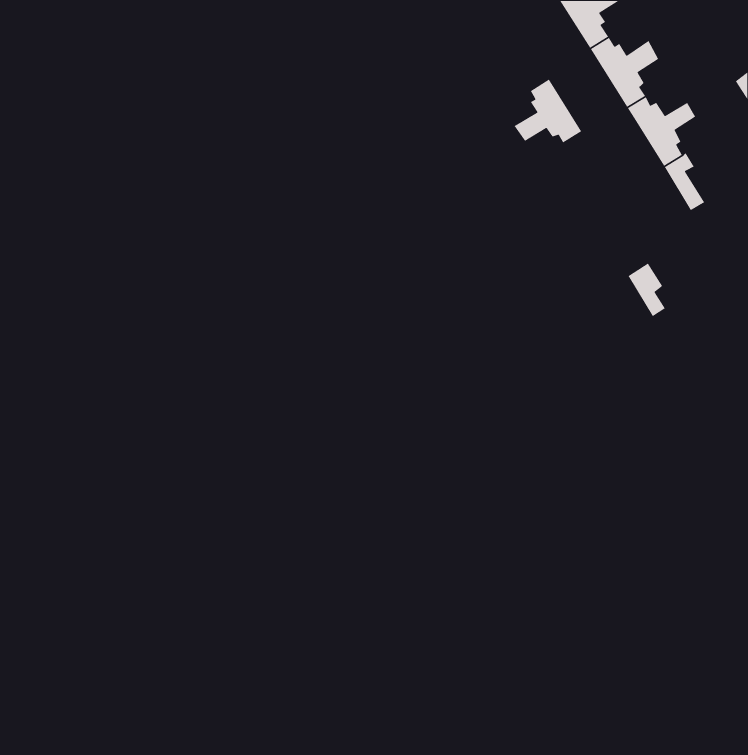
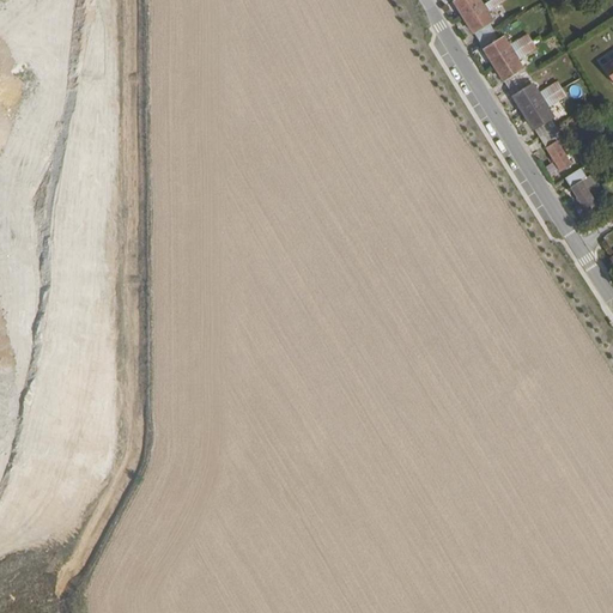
building: [513,79,582,144] -> none
building: [628,263,666,317] -> [564,165,595,210]

